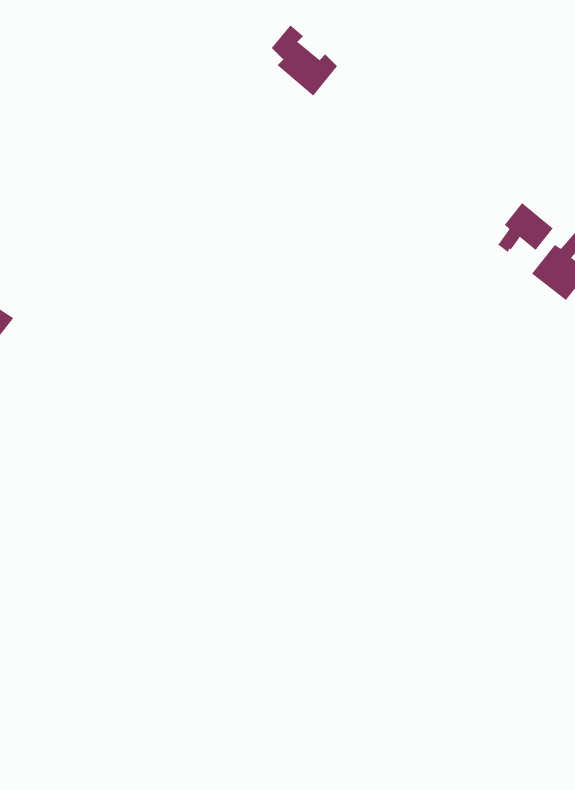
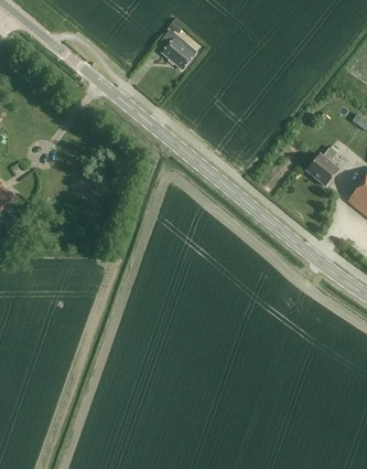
building: [497,202,554,253] -> none

